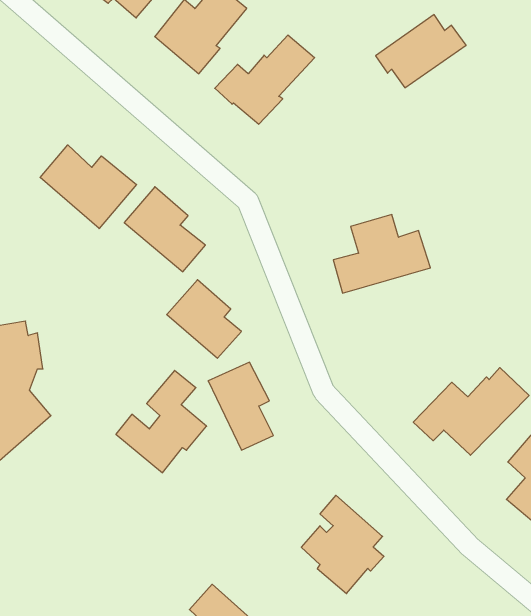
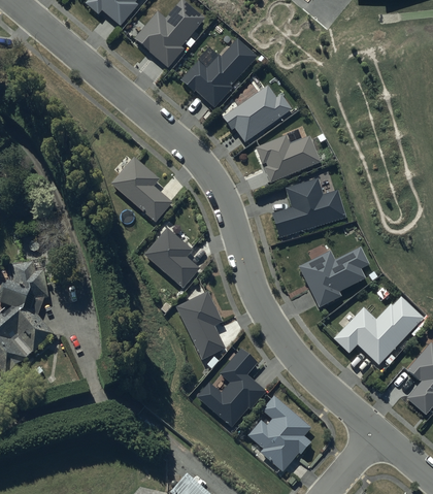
building: [376,15,466,88] -> [223,85,293,141]
building: [40,145,137,229] -> none
building: none -> [255,134,322,183]
building: none -> [298,246,370,307]
building: [116,370,207,473] -> [196,348,266,427]

